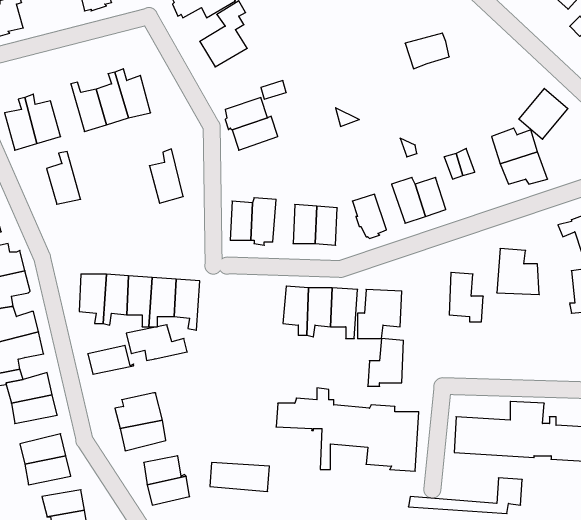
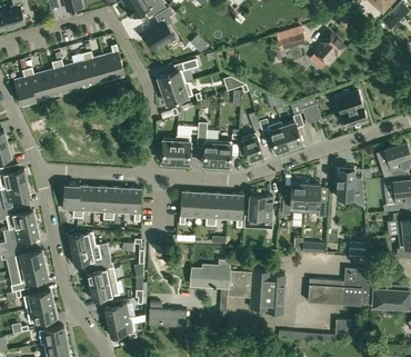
building: [519,88,568,139] -> [313,31,345,65]
building: [149,149,183,203] -> [102,43,124,79]
building: [47,152,81,204] -> [43,60,66,95]
building: none -> [179,191,198,224]
building: [126,325,187,360] -> [71,245,111,268]
building: [368,339,403,386] -> [282,182,305,214]

